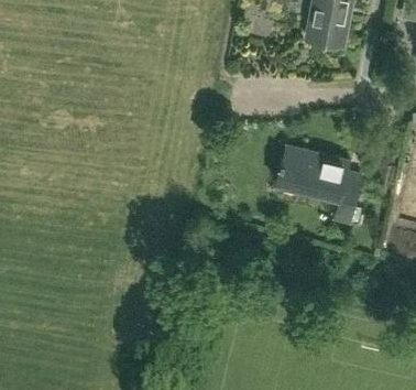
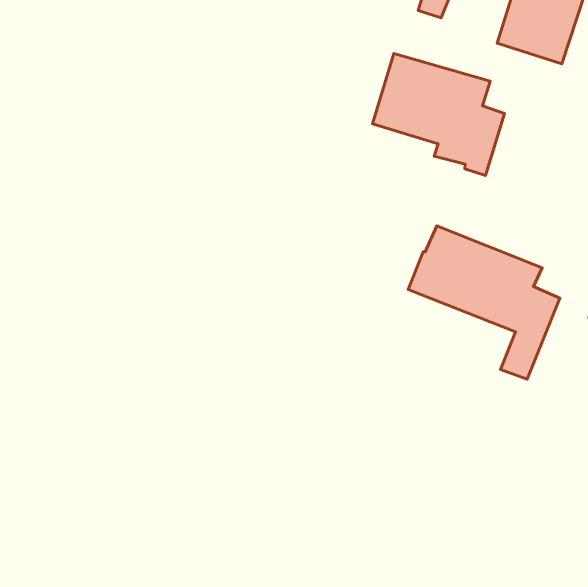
building: none -> [373,53,505,175]

